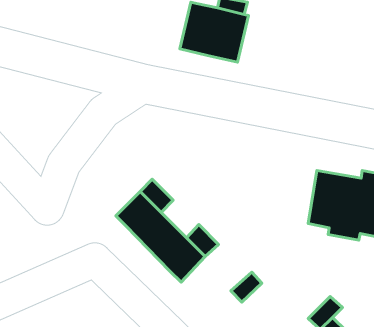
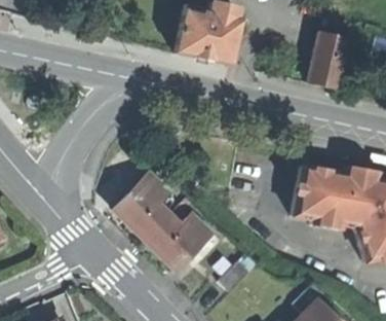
building: none -> [308,30,346,86]

